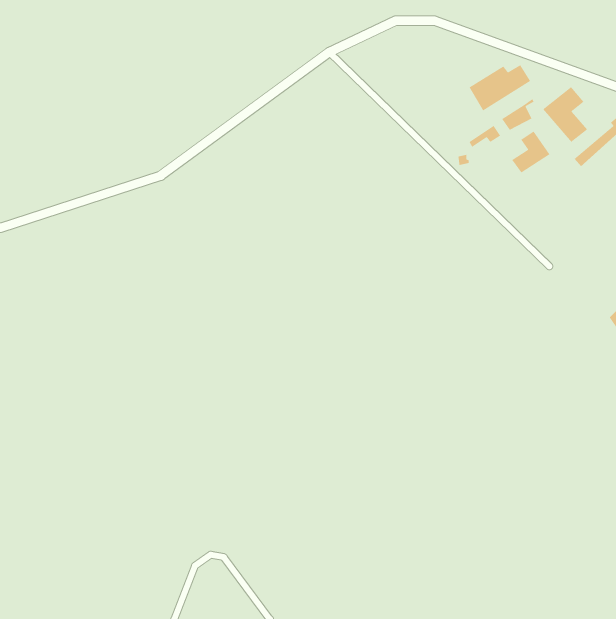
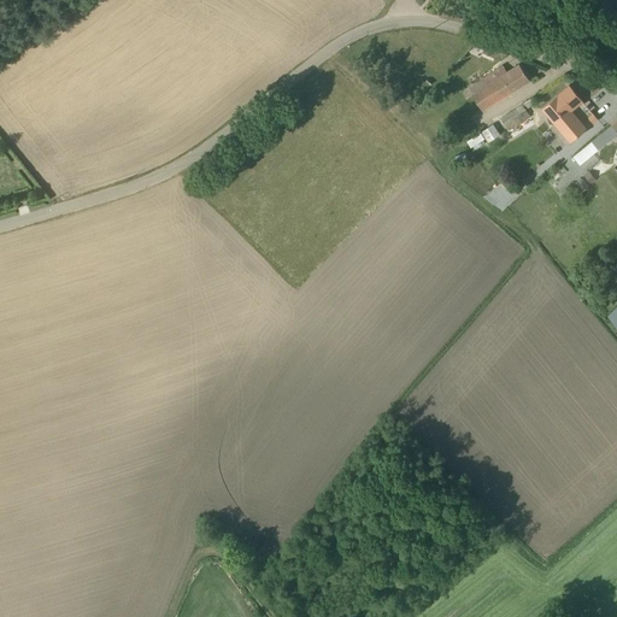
building: [511,131,551,174] -> none

